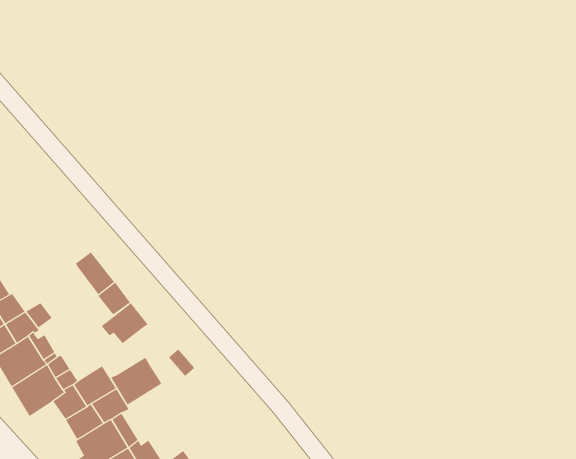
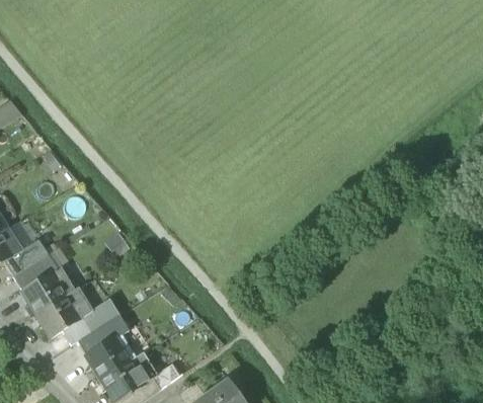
building: [75,252,115,295] -> none
building: [101,302,148,344] -> none
building: [110,357,162,406] -> none

